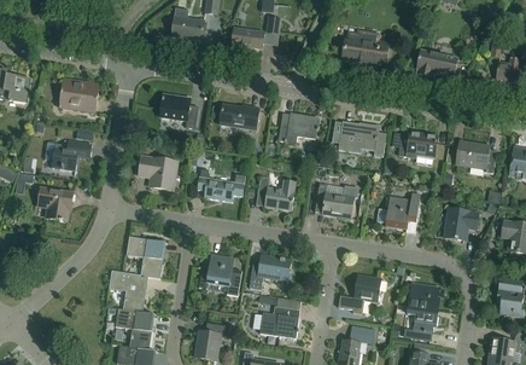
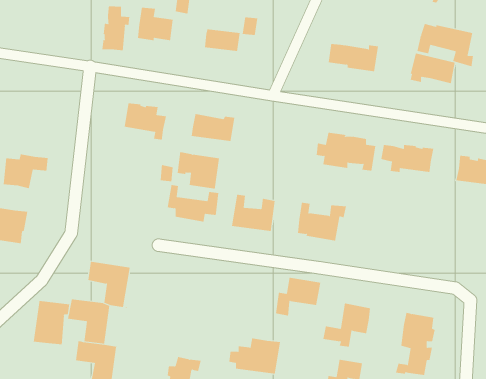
building: none -> [102,6,130,51]
building: none -> [417,23,473,67]
building: [59,77,99,111] -> none
building: [279,111,318,143] -> none
building: [139,155,177,189] -> [177,152,220,189]
building: [376,192,420,231] -> none
building: [444,208,478,239] -> none
building: [199,254,242,295] -> none
building: [250,254,291,289] -> [275,277,321,316]
building: none -> [33,300,70,345]

